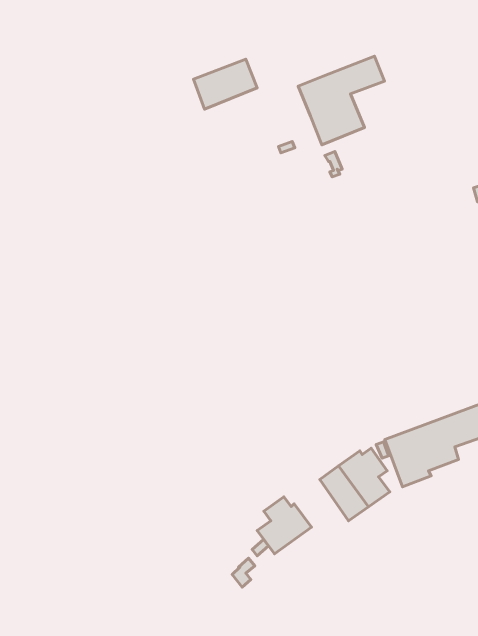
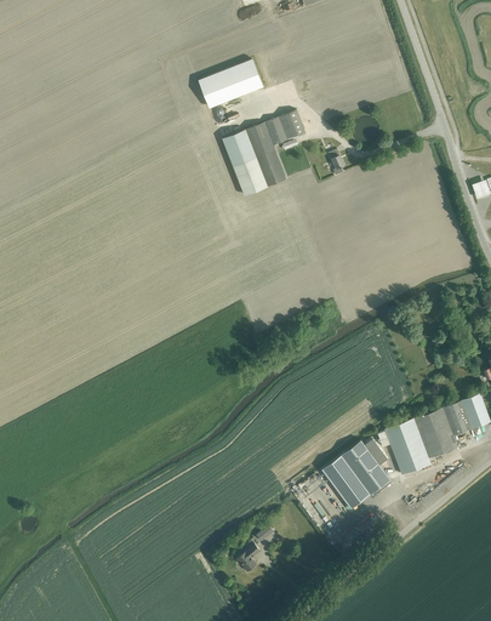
building: [298,56,384,145] -> [222,109,306,195]
building: [257,497,312,554] -> none

